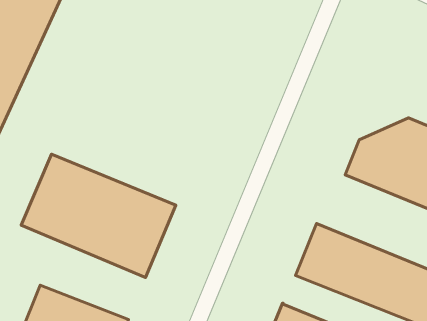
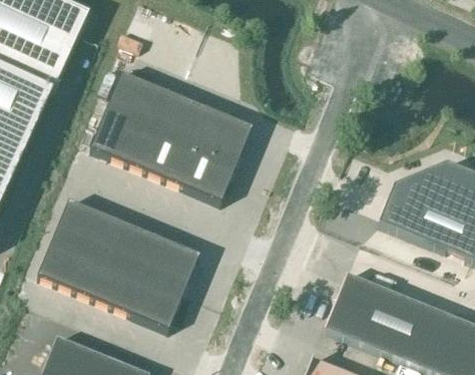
building: none -> [88,70,251,201]

